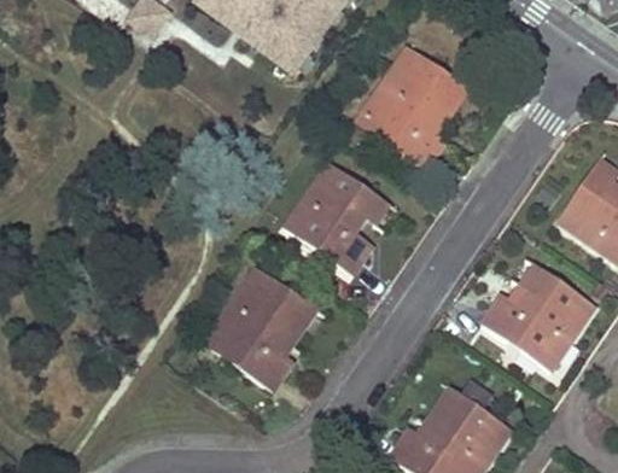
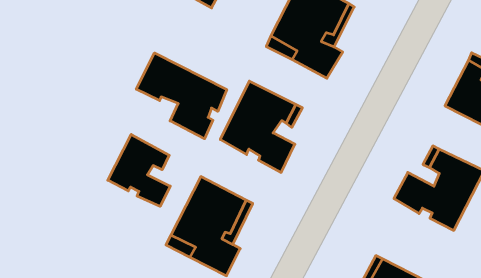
building: none -> [136,53,227,139]
building: none -> [108,134,170,206]

